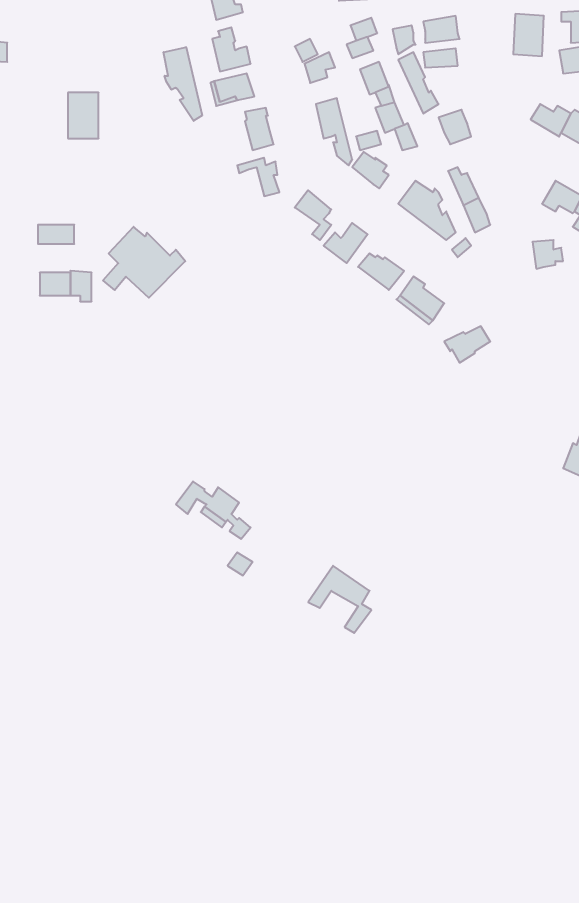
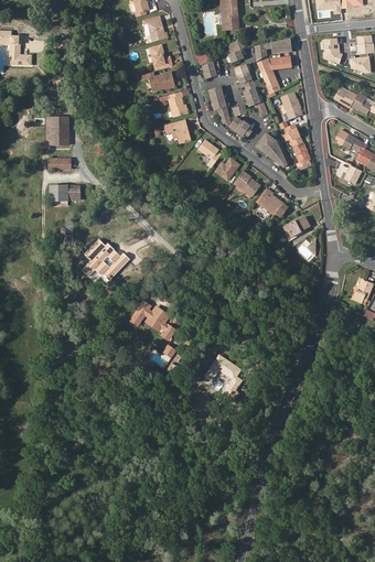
building: [164,47,202,121] -> none
building: [68,93,99,138] -> [51,118,68,144]
building: [103,227,185,298] -> [82,239,129,280]

